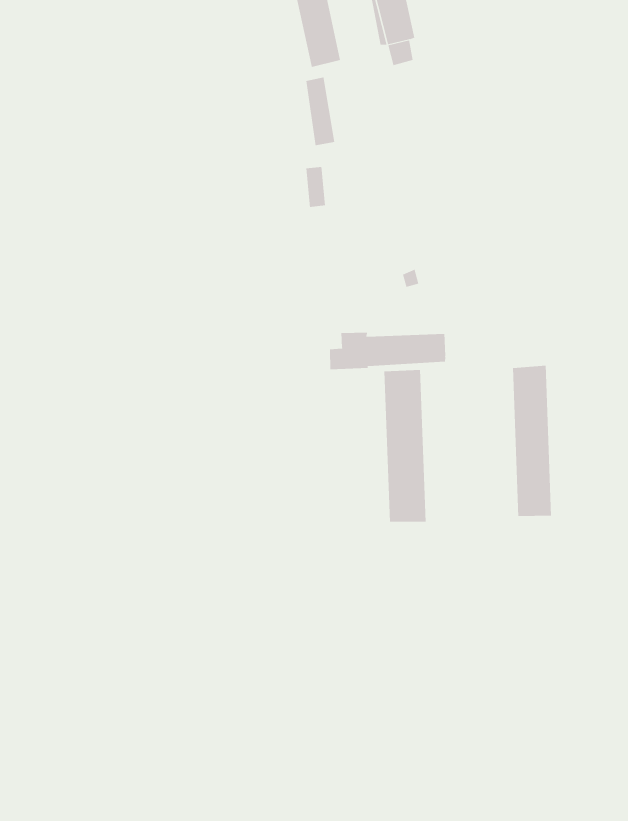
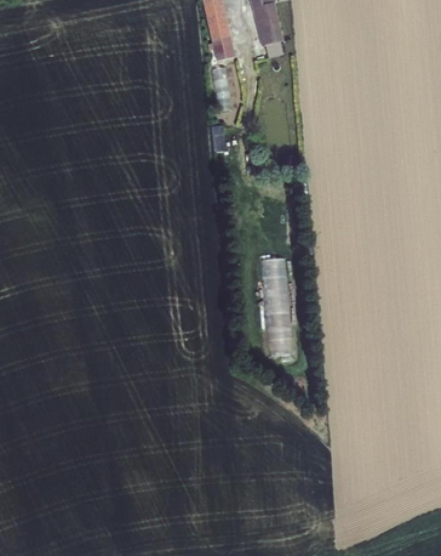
building: [330,332,446,370] -> none
building: [512,365,552,517] -> none

